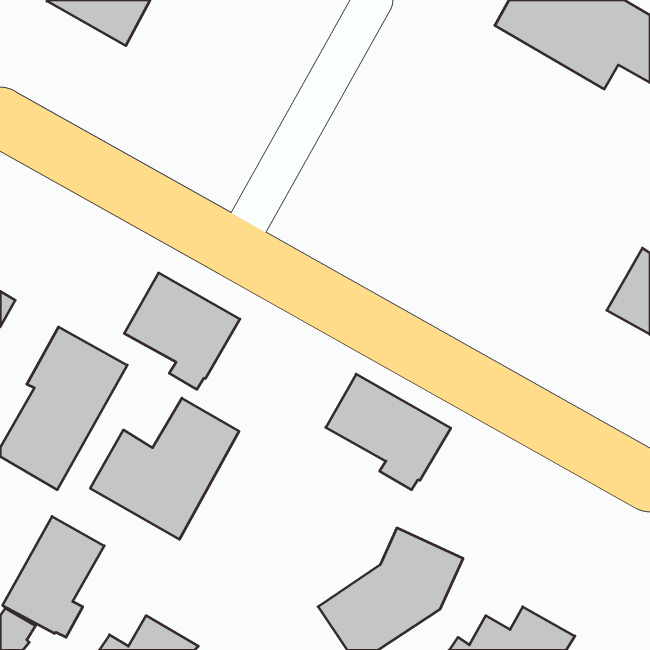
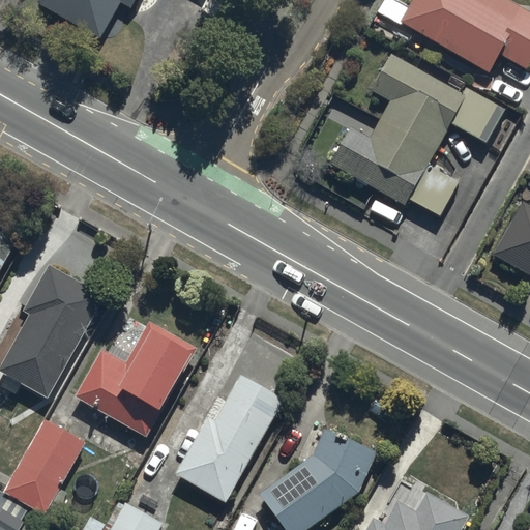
building: none -> [330,48,504,220]
building: [124,273,240,389] -> none
building: [326,374,451,490] -> none
building: none -> [174,376,284,504]

